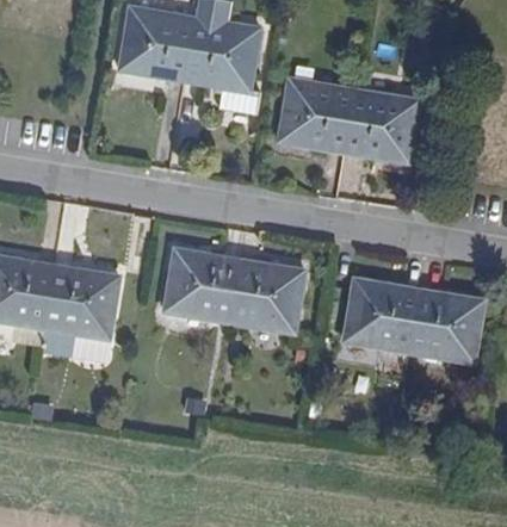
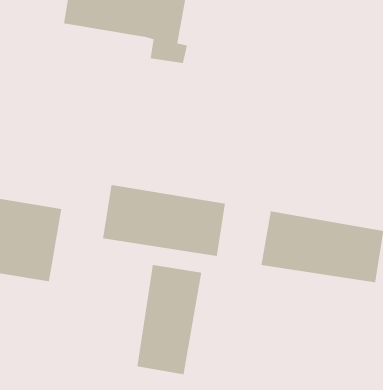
building: [279,78,419,162] -> none
building: none -> [136,264,202,375]

